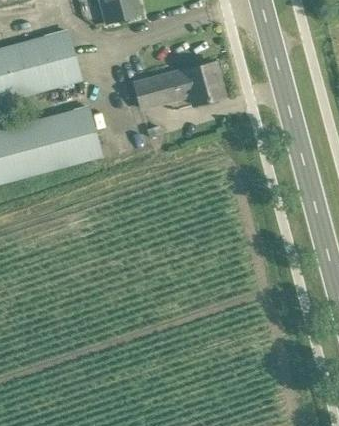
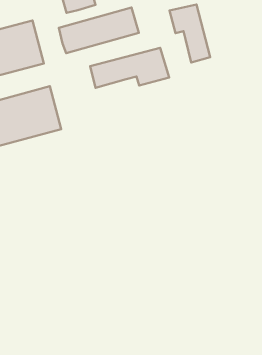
building: none -> [170,4,210,63]
building: none -> [59,8,139,53]

